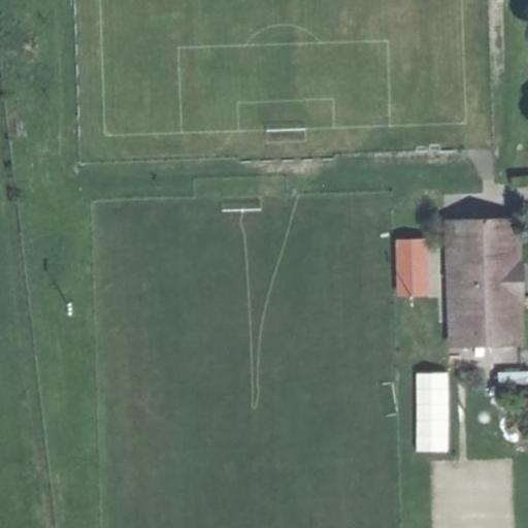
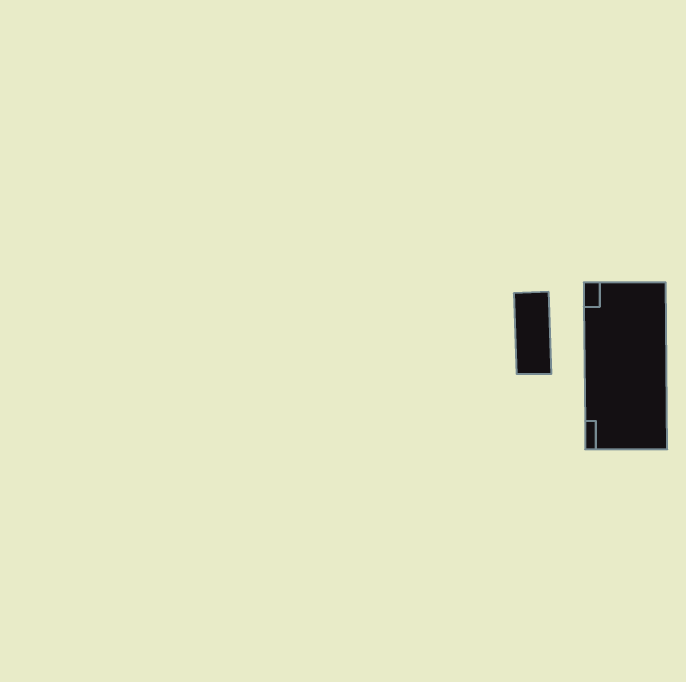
building: [416,372,452,452] -> none

